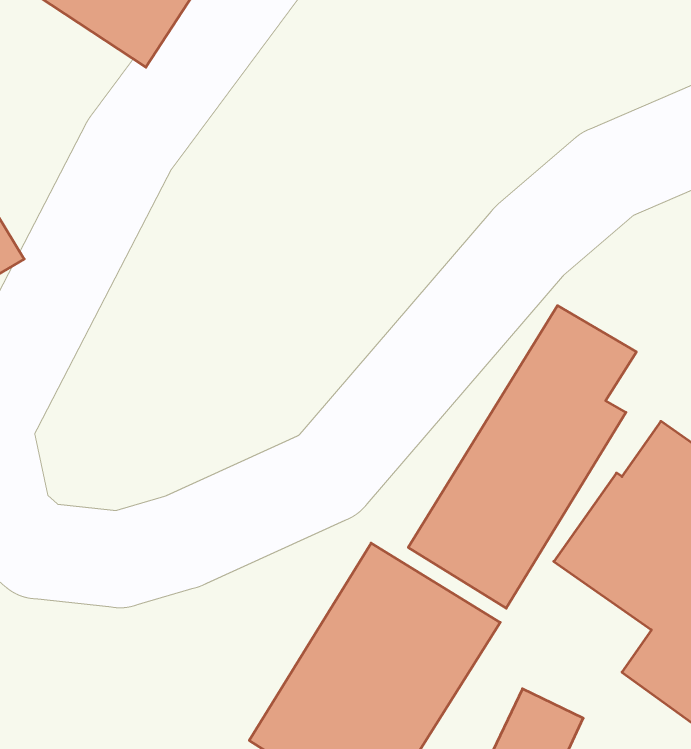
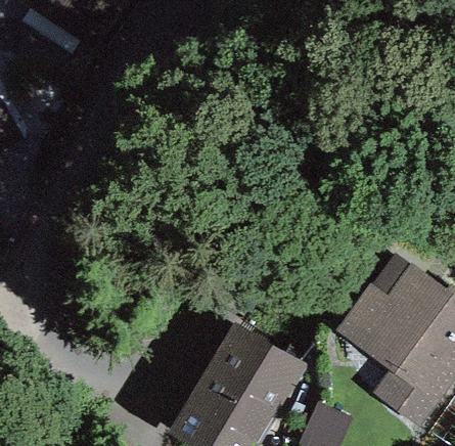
building: [408,306,636,608] -> none

